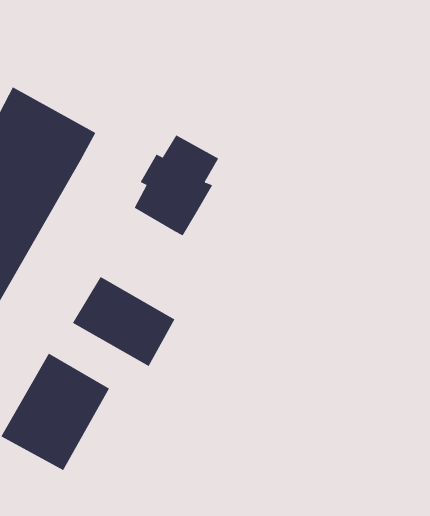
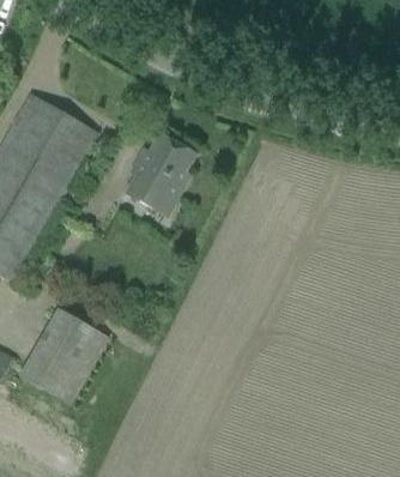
building: [72,276,175,367] -> none

